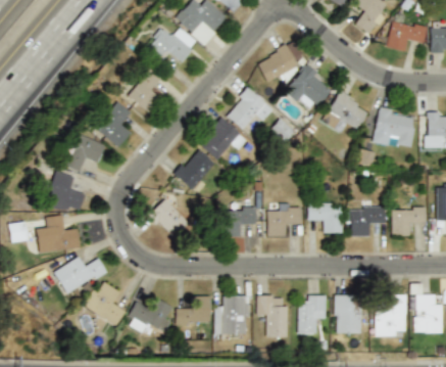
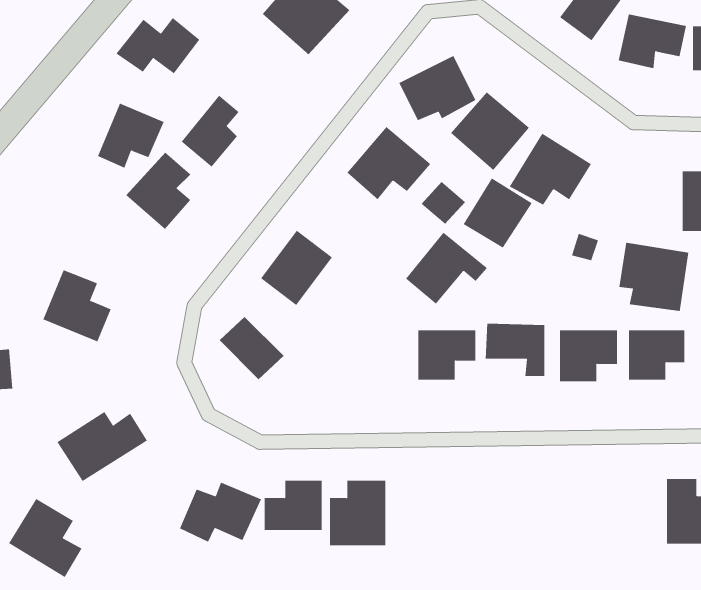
building: [147,28,197,61] -> [116,17,200,74]
building: [375,107,416,148] -> [618,242,689,311]
building: none -> [463,177,533,248]
building: [200,117,249,159] -> [405,232,488,304]
building: [66,134,106,173] -> [97,103,164,168]
building: [224,208,256,236] -> none
building: [37,218,81,253] -> none
building: [84,280,128,327] -> [8,498,83,578]
building: [298,294,327,334] -> none
building: [335,294,365,333] -> none
building: [256,295,289,337] -> none
building: [377,297,406,335] -> none

